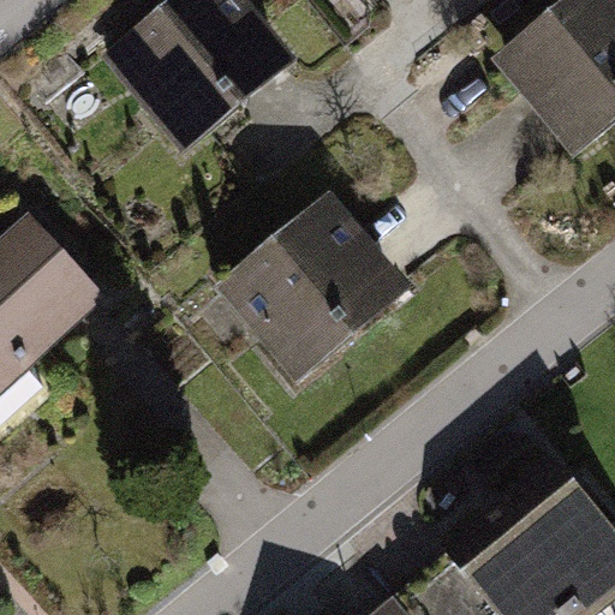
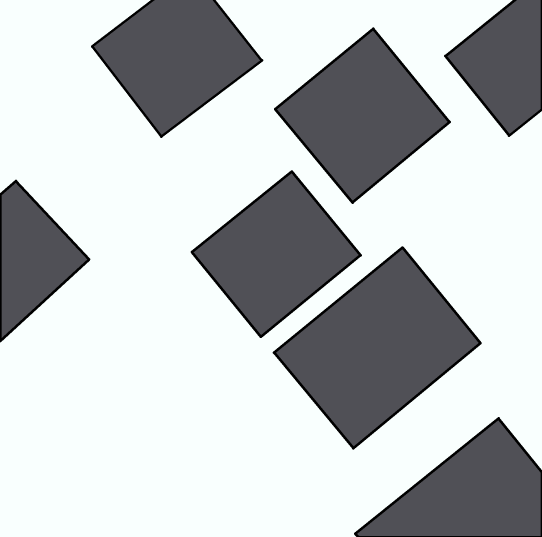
building: none -> [275,29,450,203]
building: none -> [274,248,480,448]

